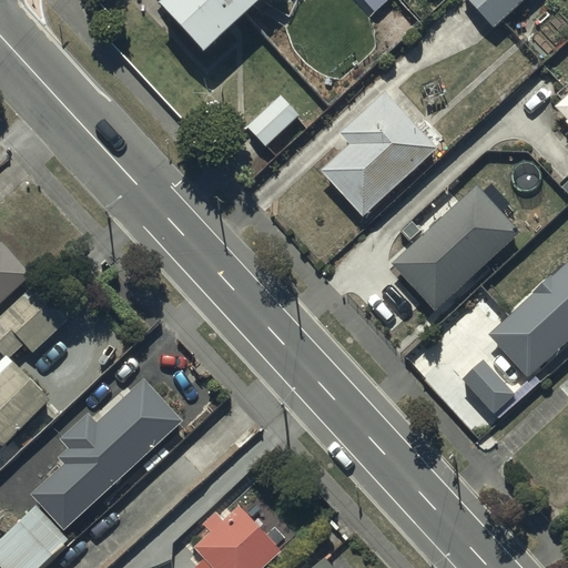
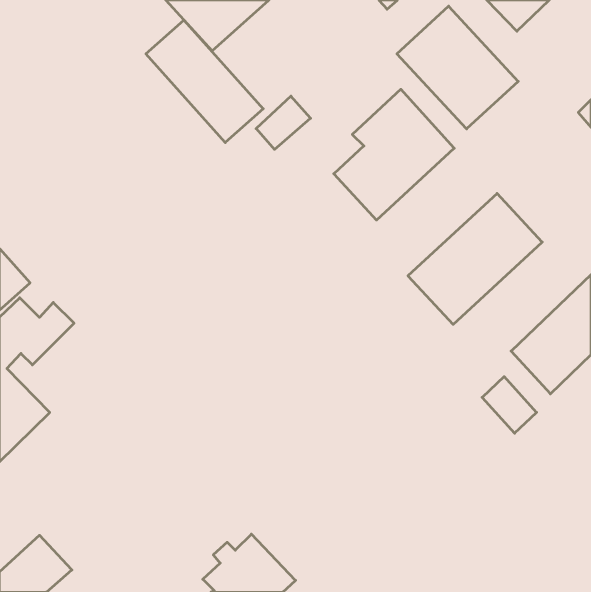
building: none -> [397,6,518,129]
building: none -> [146,20,263,143]
building: [30,378,183,531] -> none

